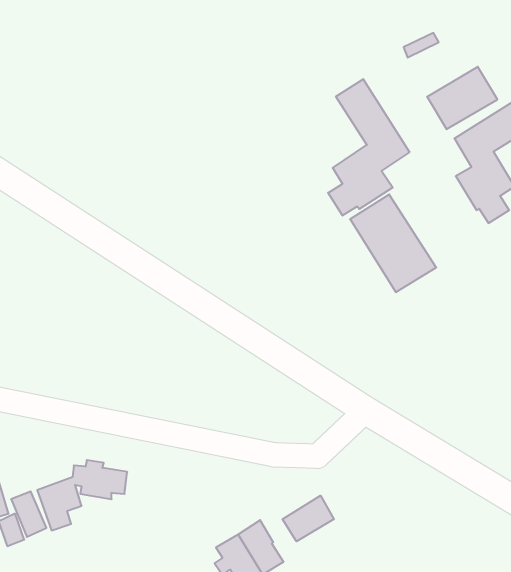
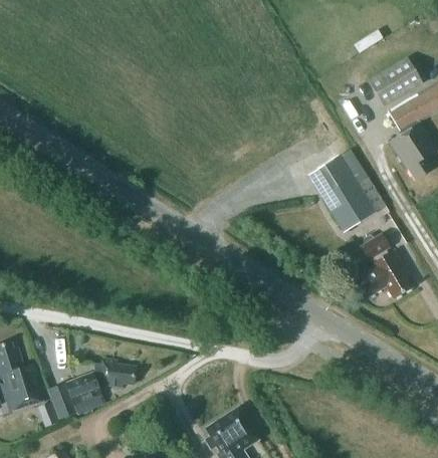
building: [328,79,409,216] -> none
building: none -> [356,234,412,297]
building: [283,496,334,541] -> none

